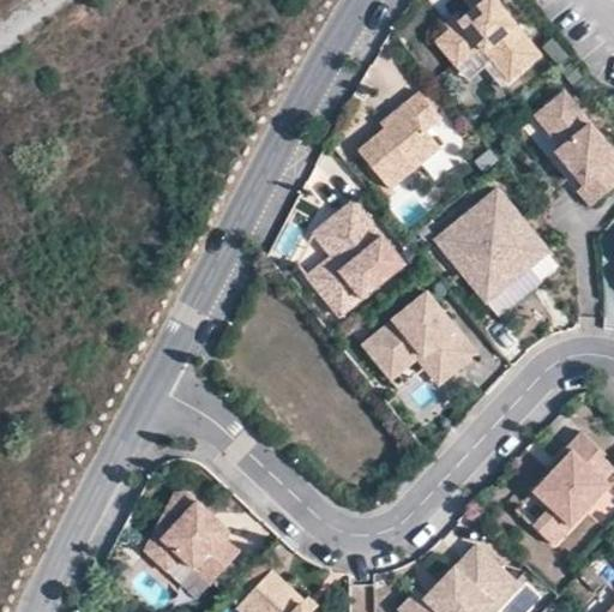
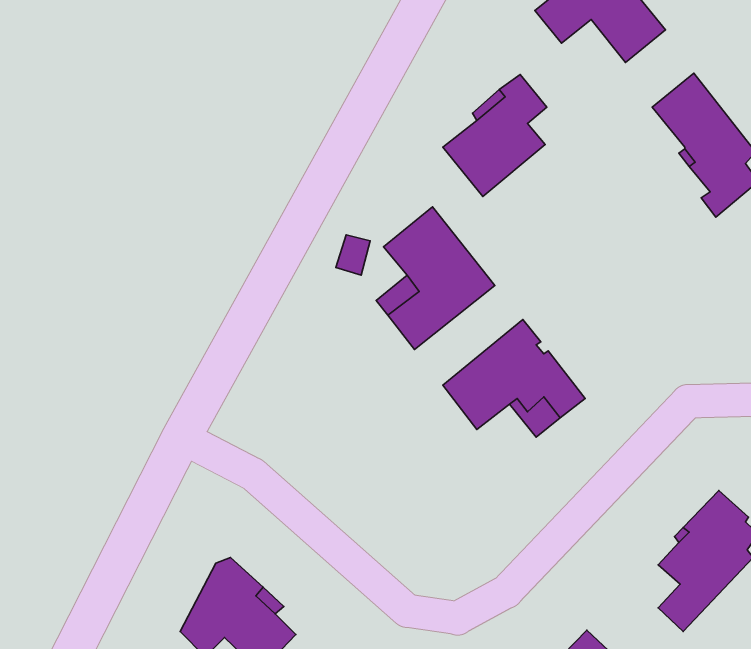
building: [434,190,547,302] -> none

